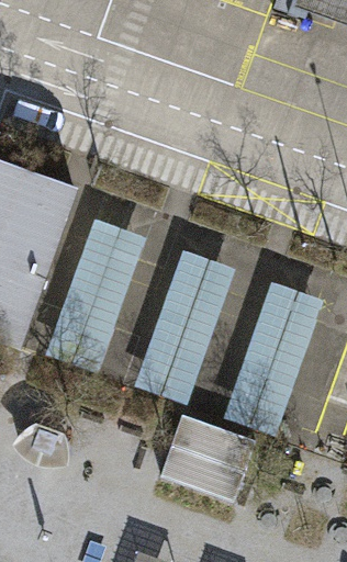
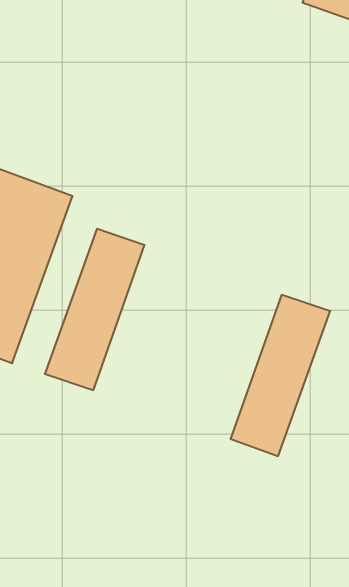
building: [136,251,231,404] -> none
building: [160,412,255,498] -> none

